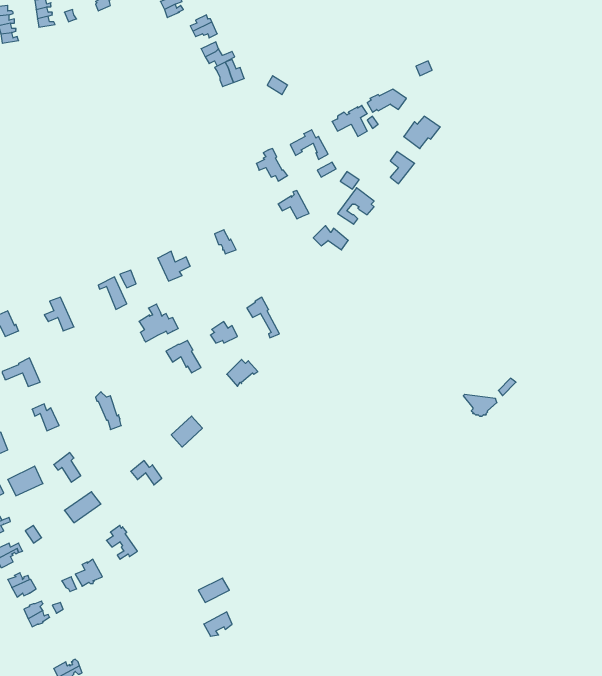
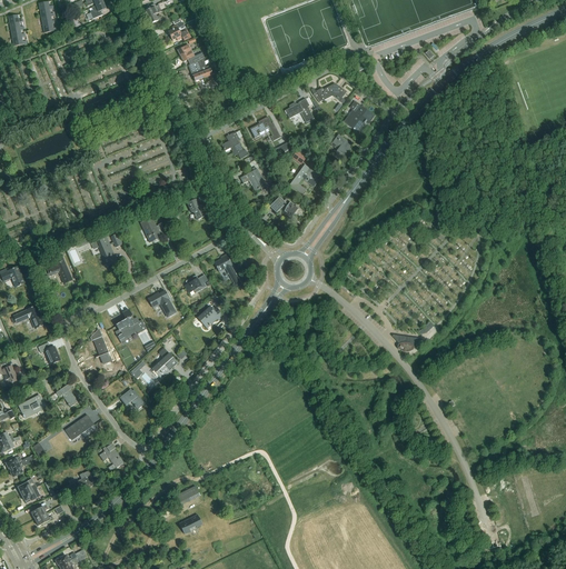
building: [139,304,178,342] -> [115,309,147,340]

